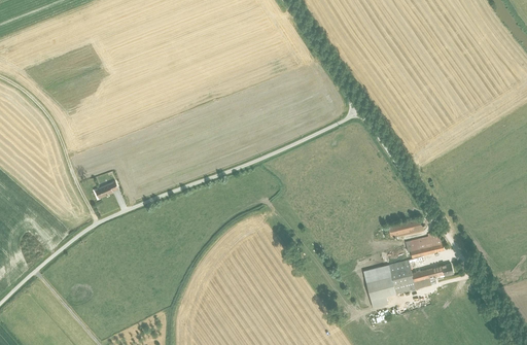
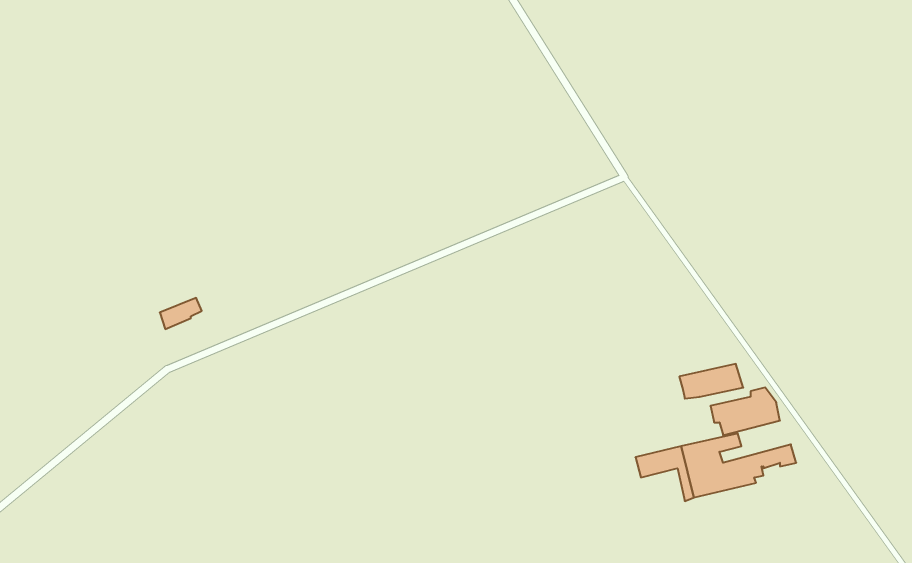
building: [365,276,390,307] -> none

